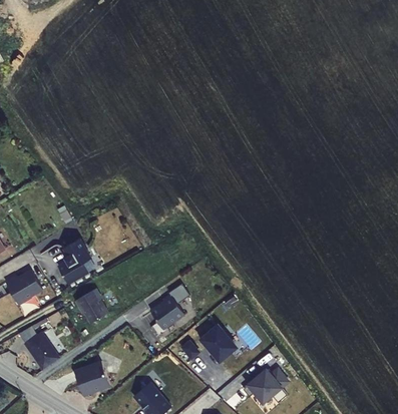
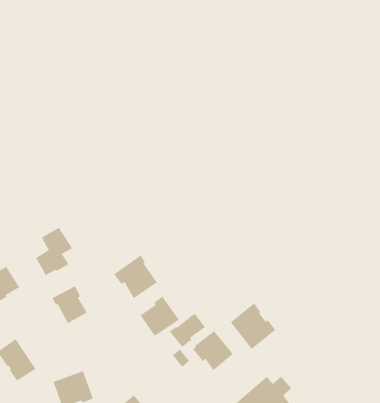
building: none -> [113,254,158,299]
building: none -> [230,302,276,350]
building: none -> [169,312,206,348]

